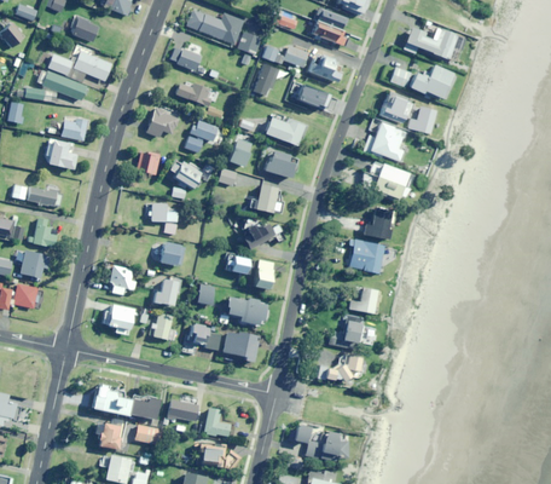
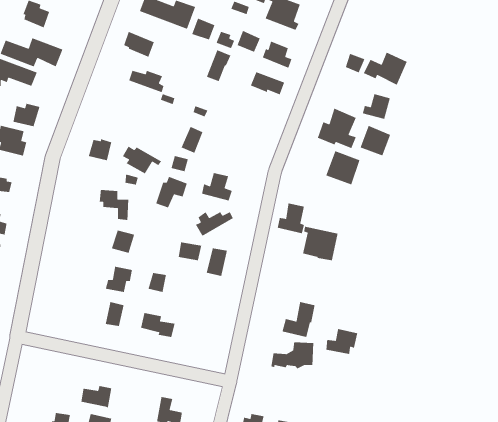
building: [402,27,464,59] -> none
building: [379,92,411,123] -> [360,125,391,156]
building: [146,106,178,137] -> none
building: [265,117,304,145] -> none
building: [186,120,219,152] -> [155,176,188,209]
building: [265,150,296,178] -> none
building: [364,208,392,240] -> [277,202,305,234]
building: [106,263,137,295] -> none
building: [350,287,383,313] -> [325,328,358,355]
building: [227,295,267,324] -> none
building: [103,304,134,335] -> none
building: [224,330,259,362] -> none
building: [102,390,132,416] -> none
building: [164,396,199,424] -> none

